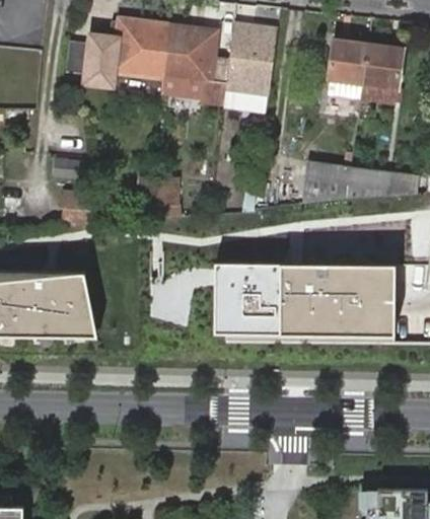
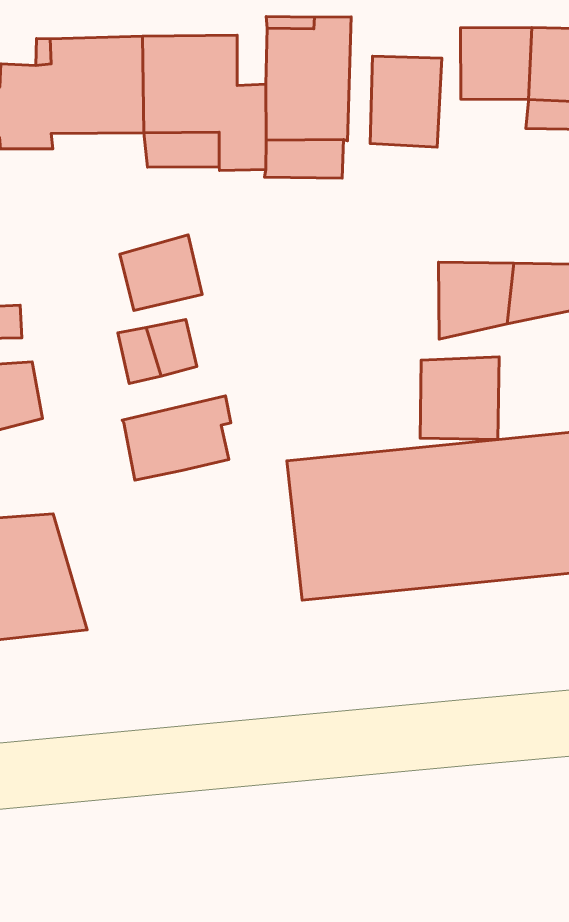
building: none -> [370,56,442,147]
building: none -> [120,235,202,311]
building: none -> [420,357,499,439]
building: none -> [122,396,231,480]

